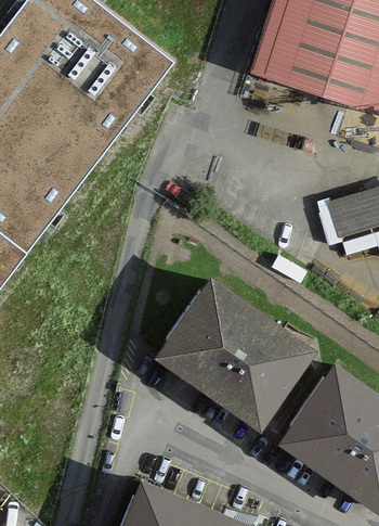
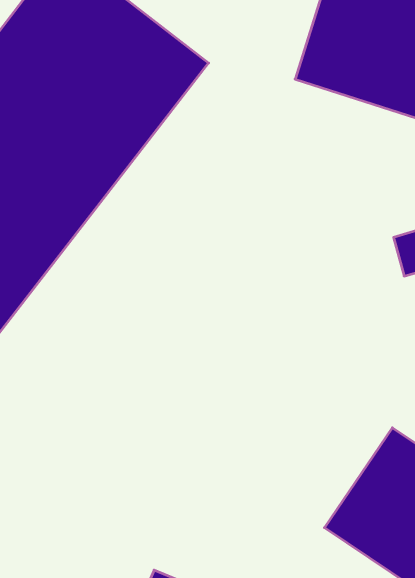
building: [148,271,310,424] -> none

